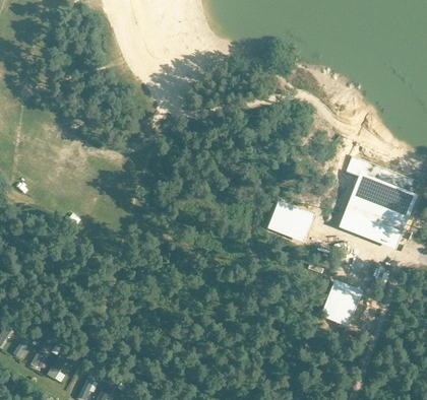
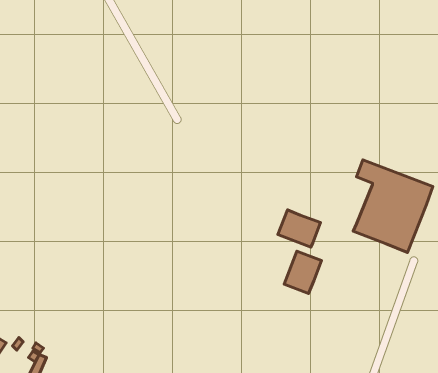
building: [323,284,359,325] -> [284,251,321,294]

